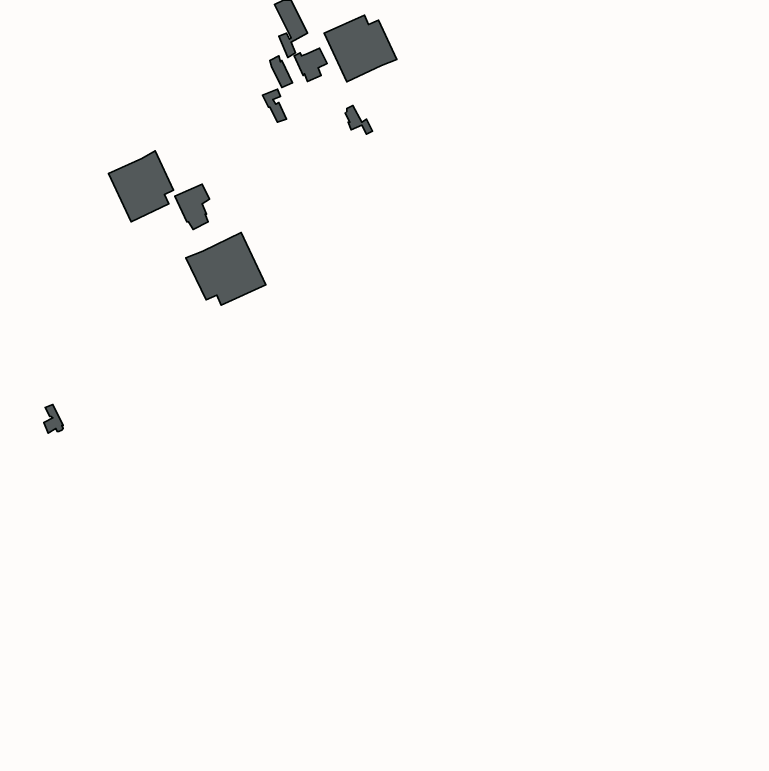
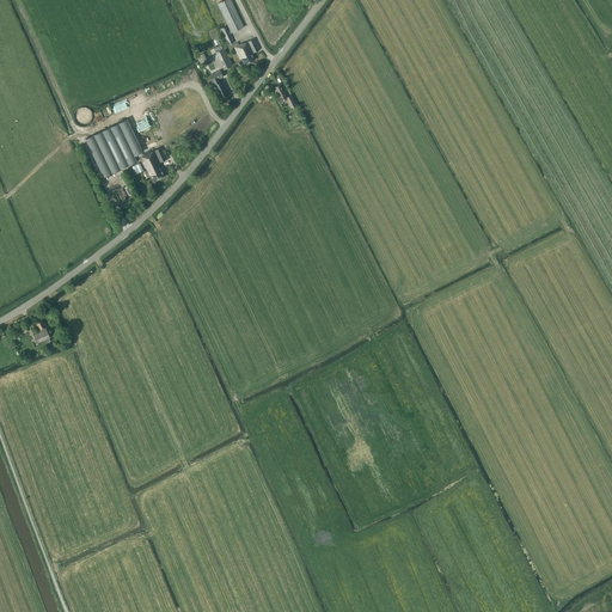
building: [324,15,397,82] -> none
building: [186,232,266,305] -> none

